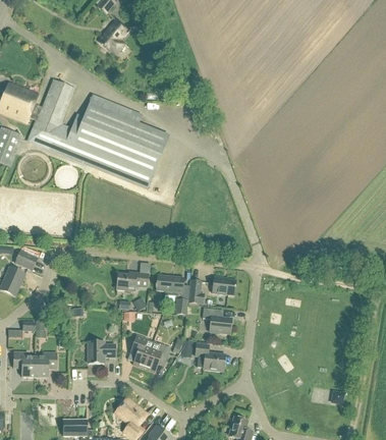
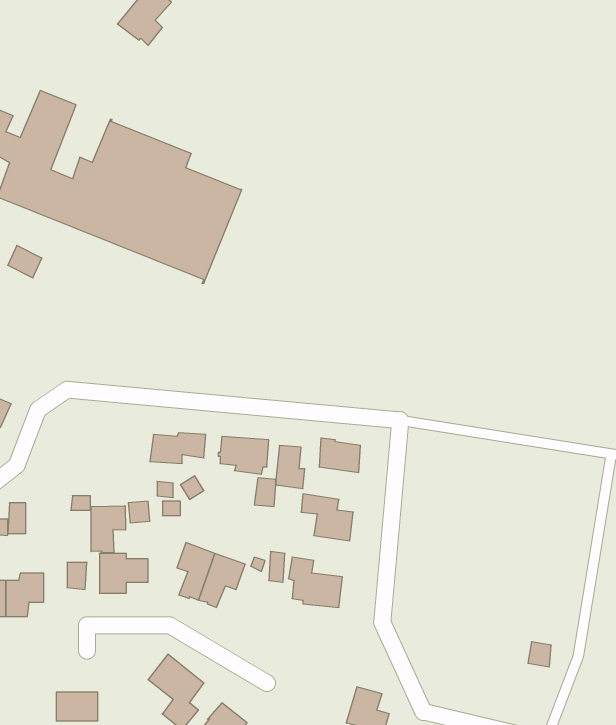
building: none -> [91,506,125,553]

